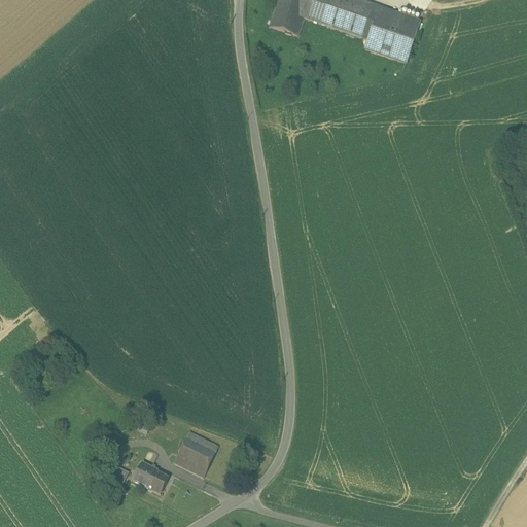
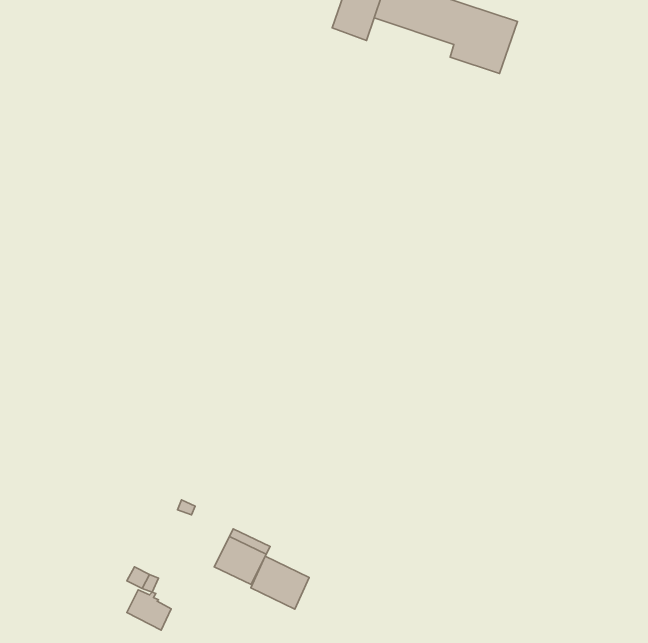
building: none -> [251,556,309,609]
building: [133,459,169,492] -> [127,590,171,630]

